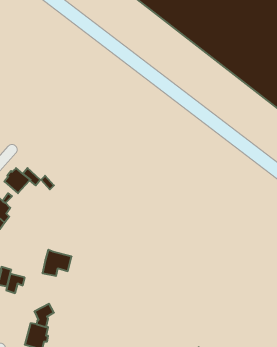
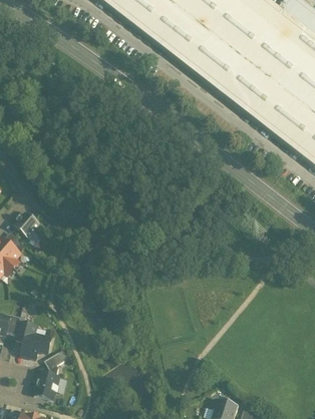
building: [42,250,72,276] -> [20,331,50,358]

